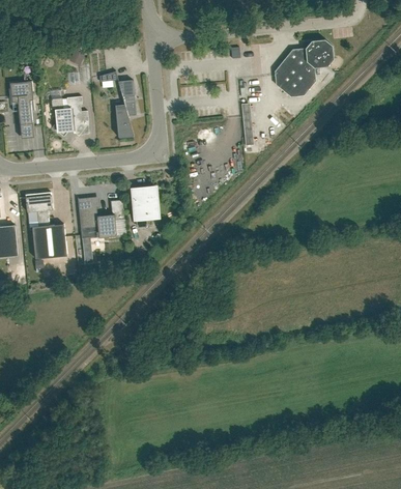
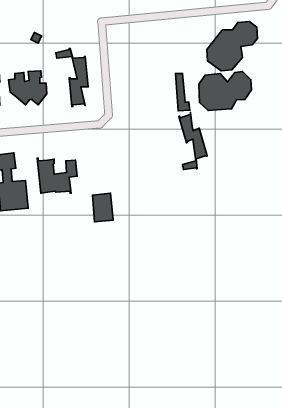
building: none -> [199,72,251,111]
building: none -> [179,113,207,169]
building: [134,186,157,220] -> [93,193,113,222]

